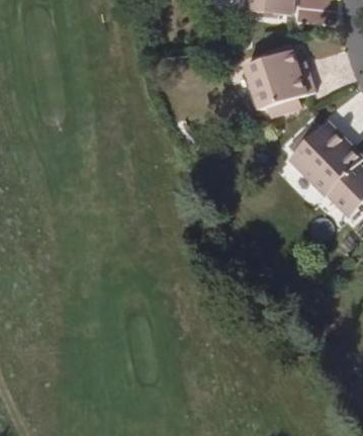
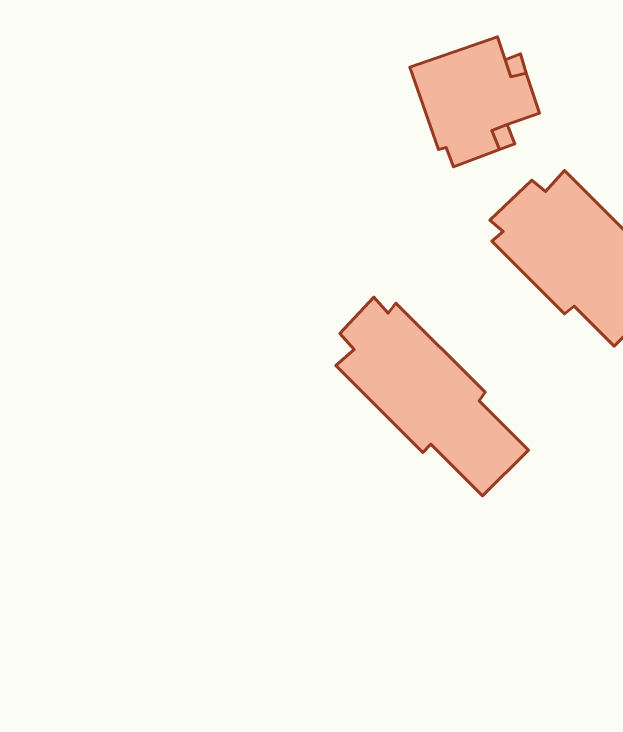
building: none -> [336,297,528,496]

